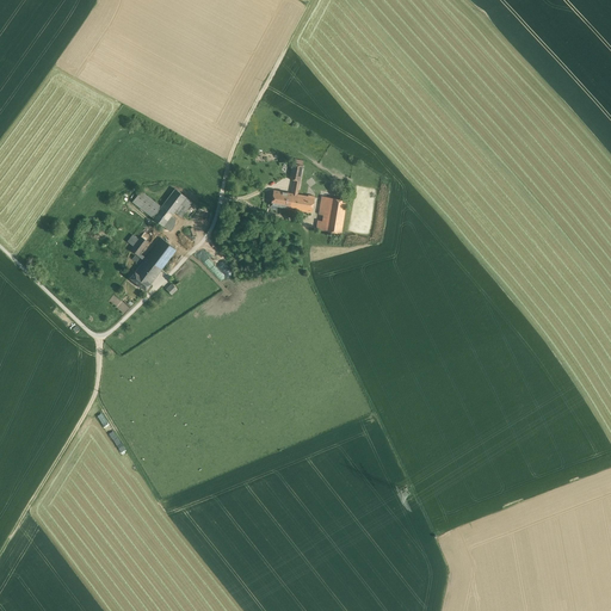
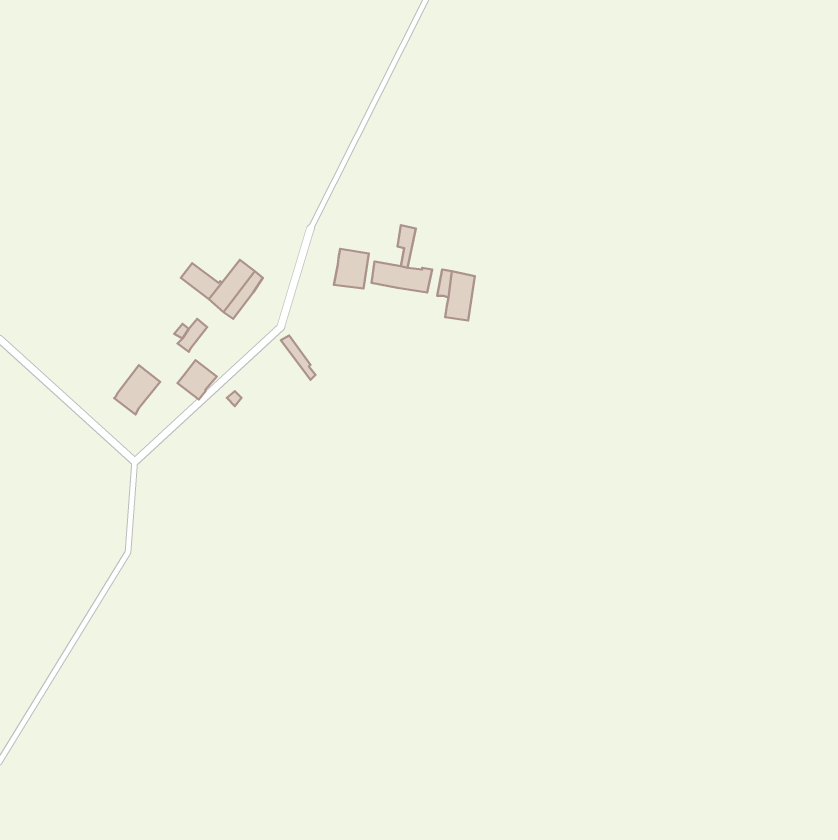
building: none -> [334,249,369,289]
building: [142,237,175,273] -> [114,365,160,415]

